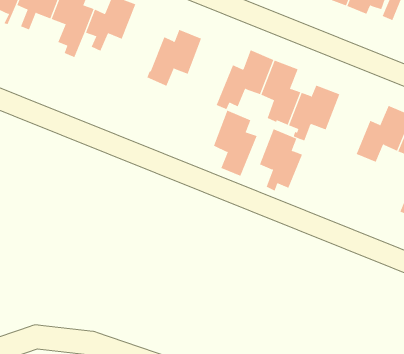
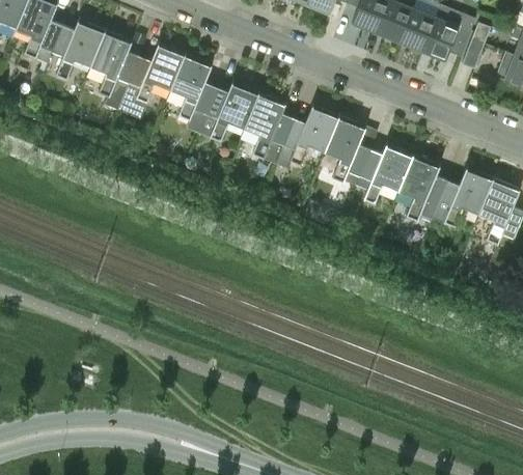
building: none -> [170,51,217,125]
building: [213,110,258,177] -> [244,89,294,164]
building: [259,128,303,191] -> [398,151,447,222]

